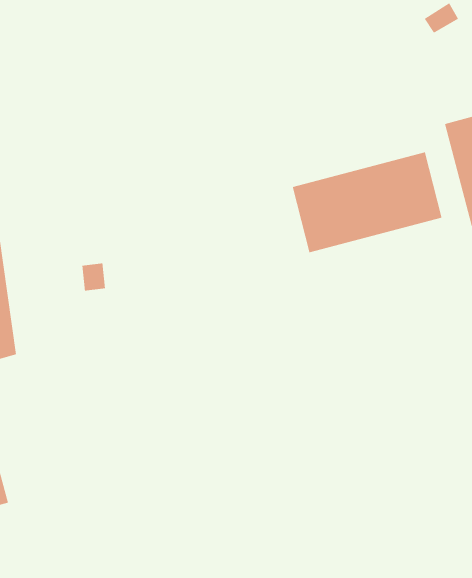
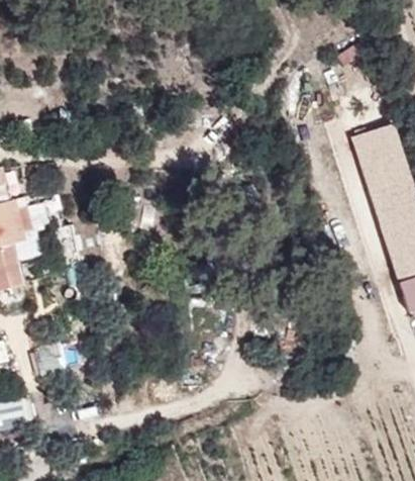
building: [292,152,442,253] -> none

